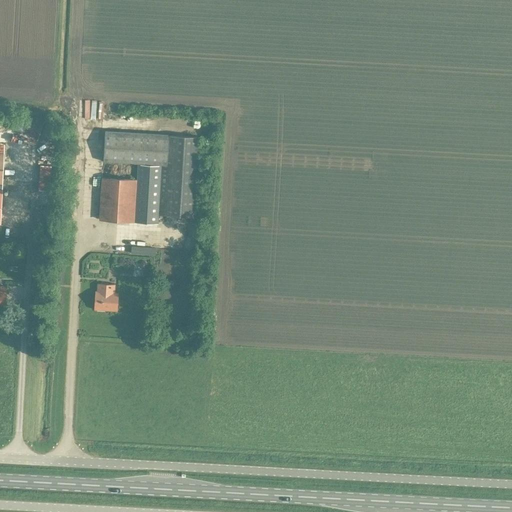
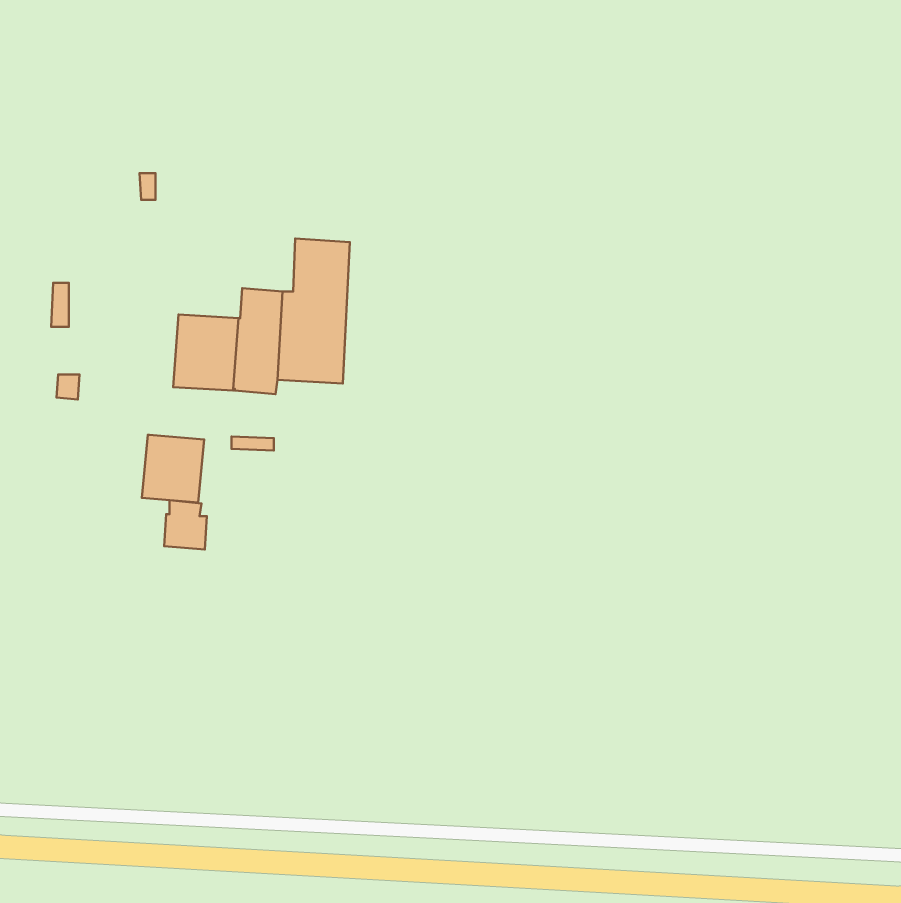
building: [102,131,167,165] -> none
building: none -> [142,435,204,503]

